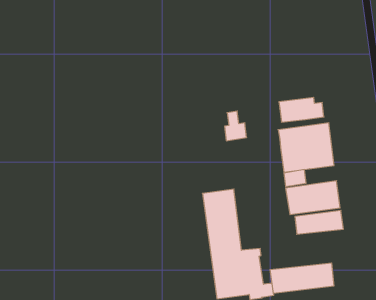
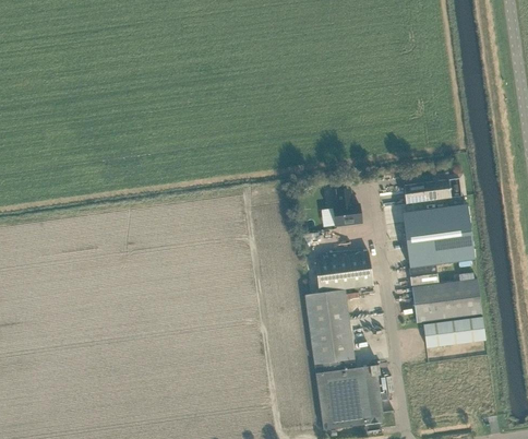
building: none -> [314,252,373,293]
building: [270,263,334,293] -> none

